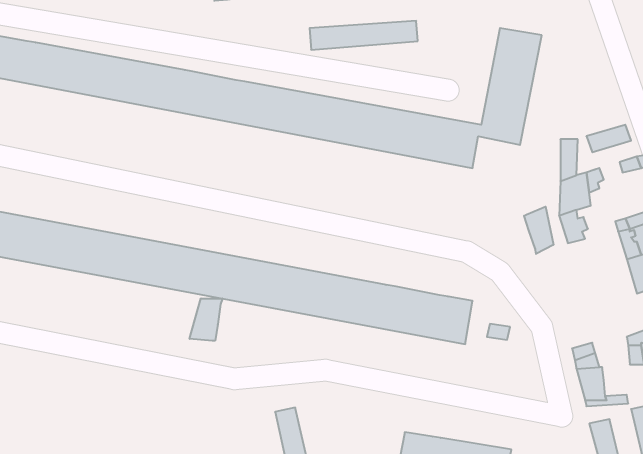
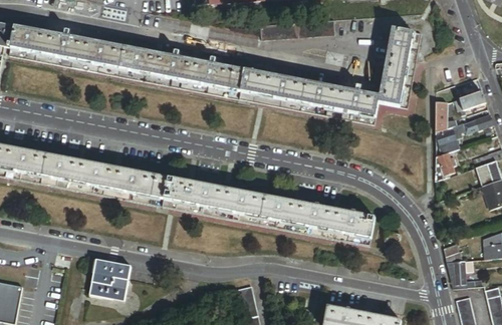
building: [524,207,553,254] -> none
building: [190,298,222,341] -> none
building: none -> [90,259,132,300]

